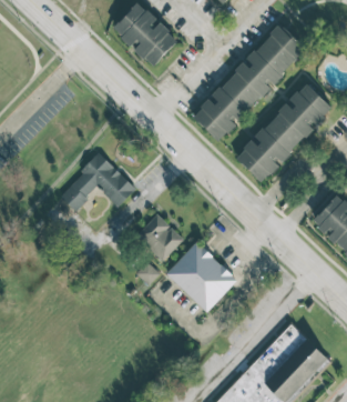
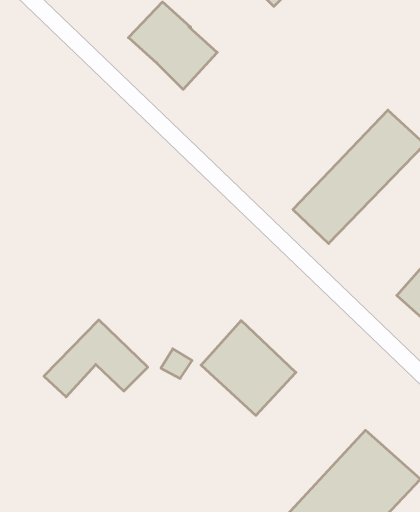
building: [193,26,307,139] -> none
building: [59,153,136,211] -> [44,320,148,397]
building: [136,213,184,261] -> none

